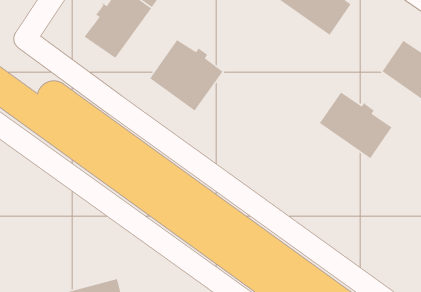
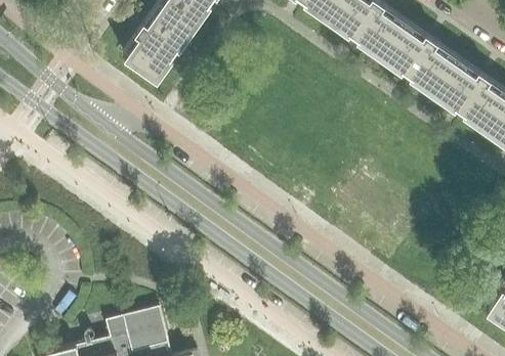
building: [149,39,224,111] -> none
building: [319,92,392,159] -> [379,26,455,95]

